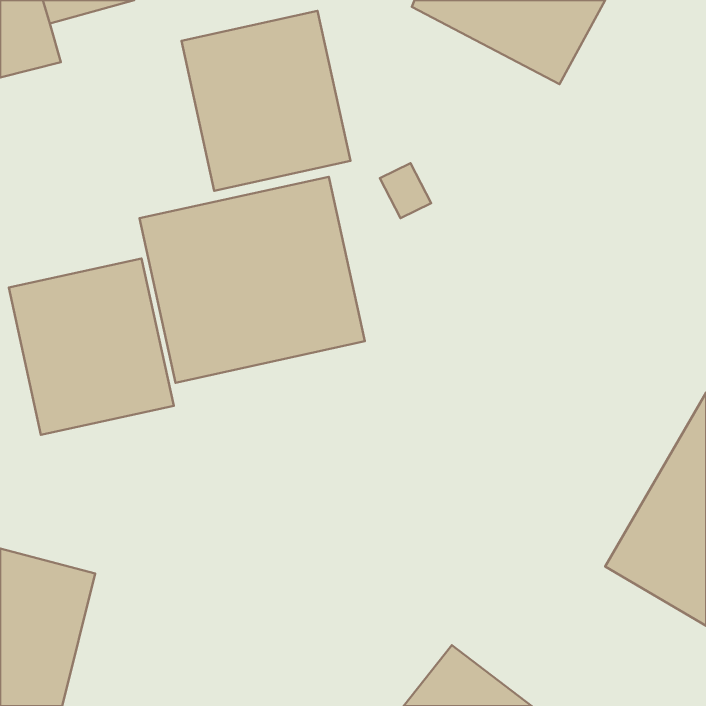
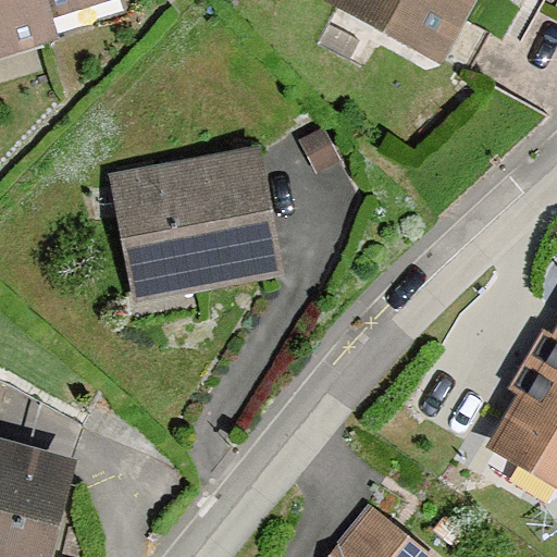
building: [181,11,350,191] -> none
building: [9,258,174,435] -> none

